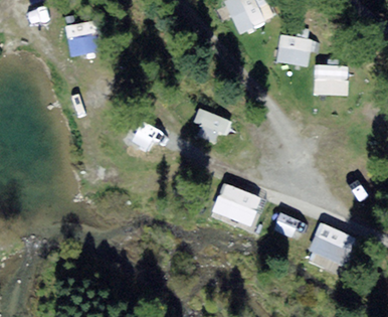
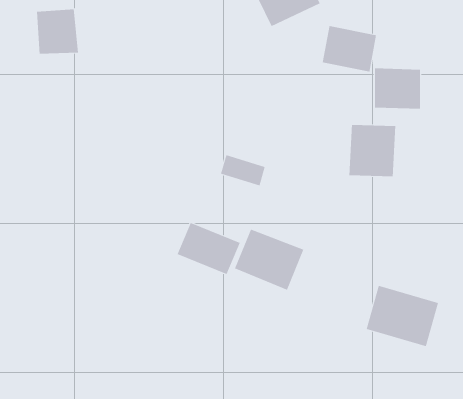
building: none -> [349,124,396,177]
building: none -> [177,222,241,275]

